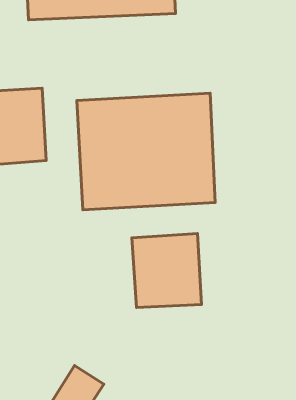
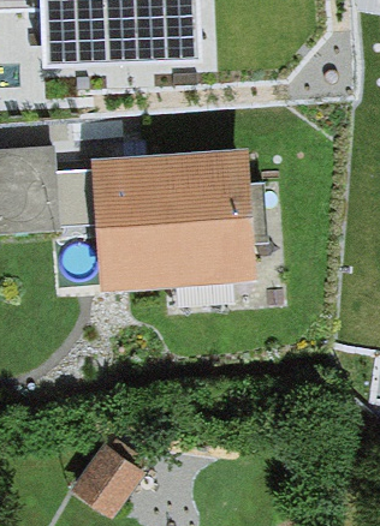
building: [132,233,201,308] -> none

